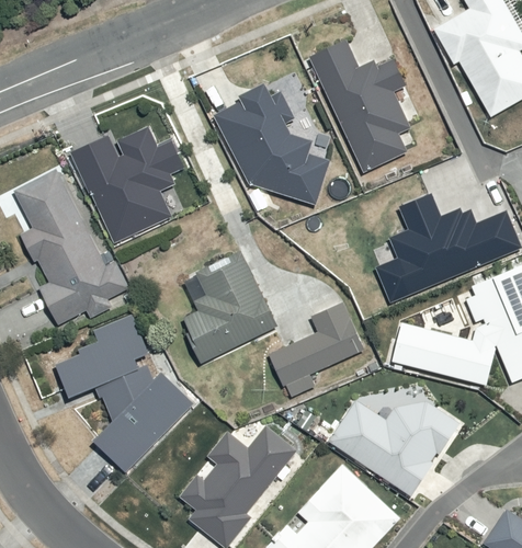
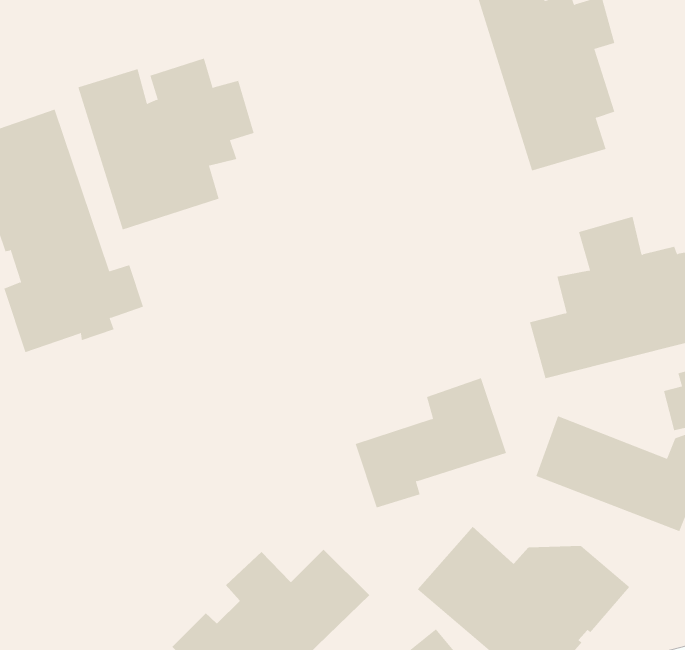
building: [214,87,328,203] -> none
building: [188,251,282,362] -> none
building: [61,317,196,472] -> none

